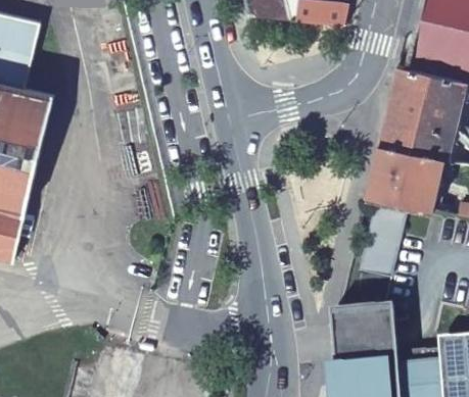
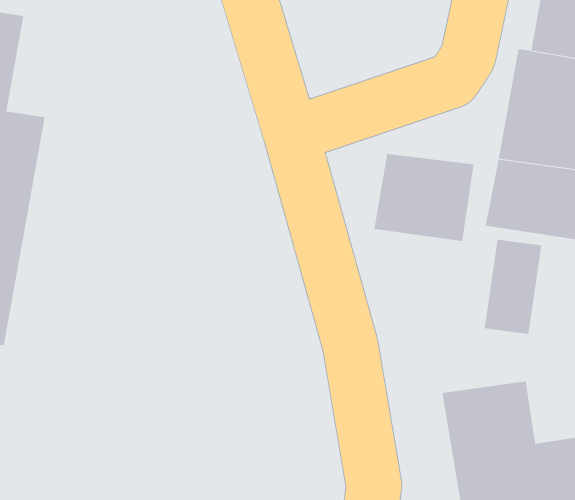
building: none -> [374,153,474,242]

